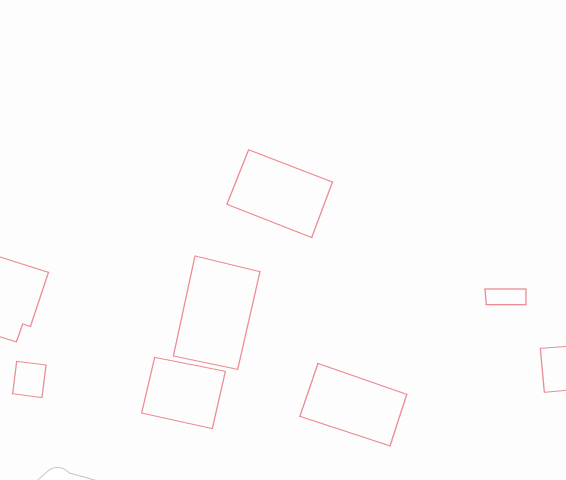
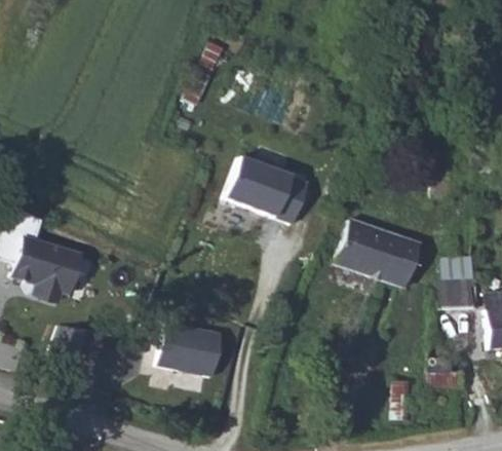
building: [173,256,260,370] -> none
building: none -> [433,279,465,307]
building: [300,363,407,446] -> [340,219,425,285]

